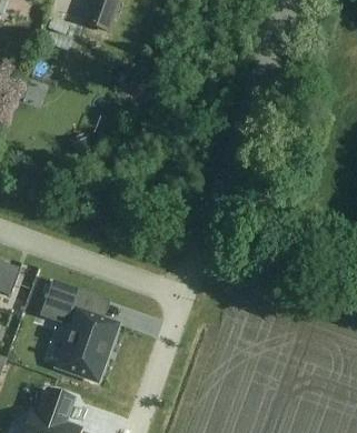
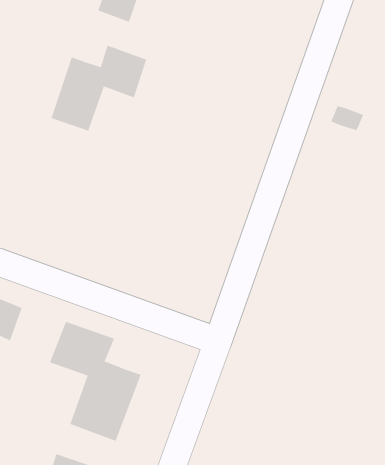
building: none -> [51,45,147,132]

